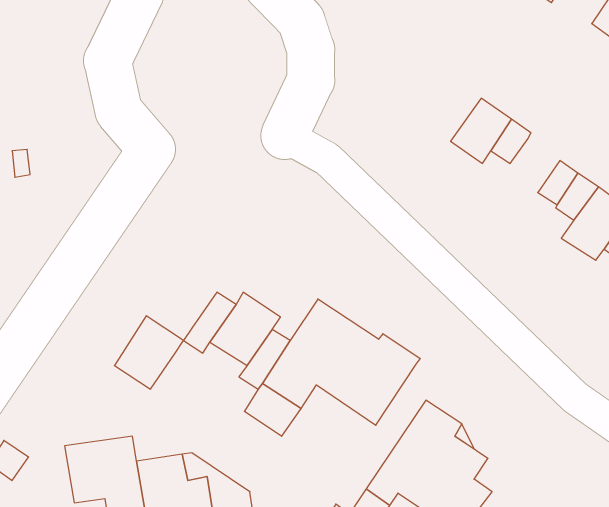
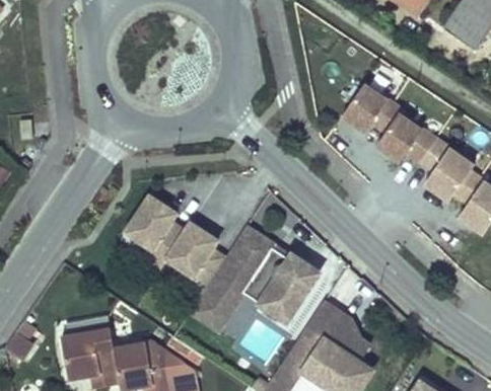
building: none -> [377,111,423,160]
building: [114,316,184,389] -> [127,197,178,250]

